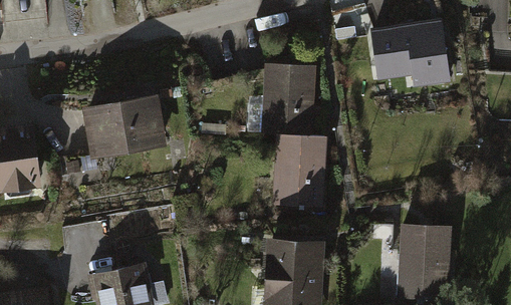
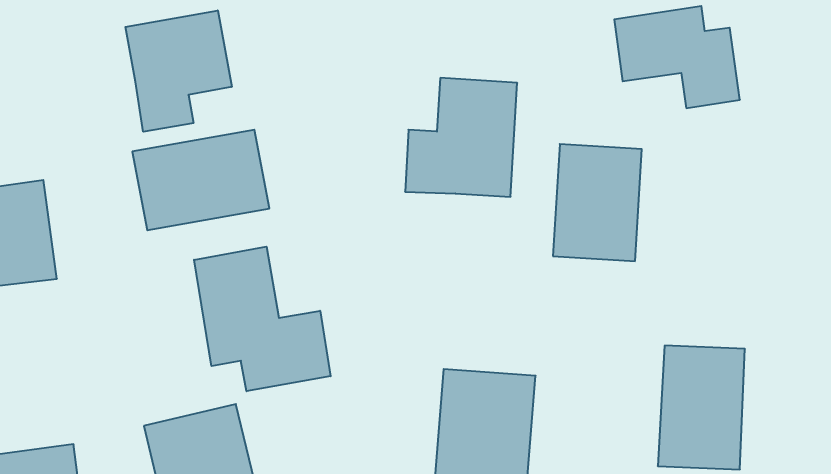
building: none -> [125,10,232,132]
building: [272,134,325,205] -> [553,144,642,261]
building: none -> [194,247,331,391]

